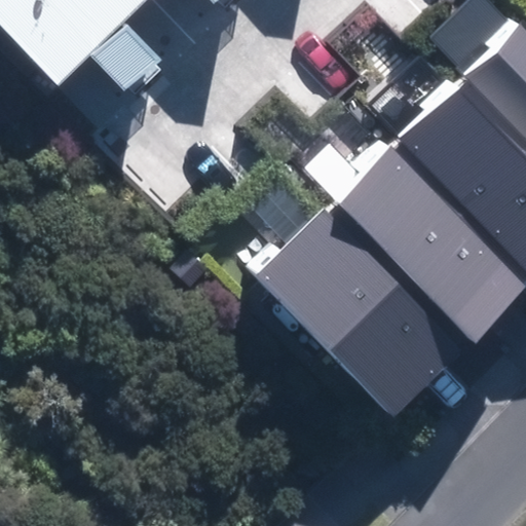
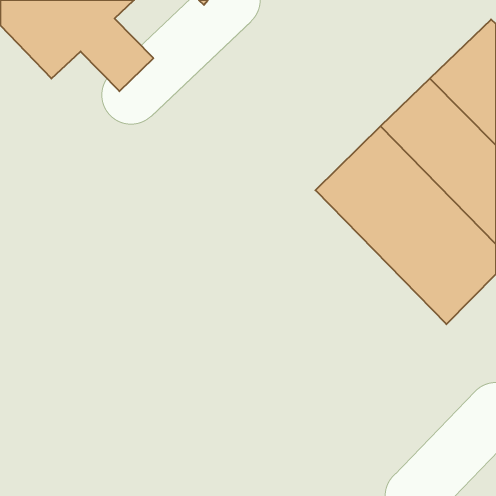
building: [257,201,473,418] -> none

